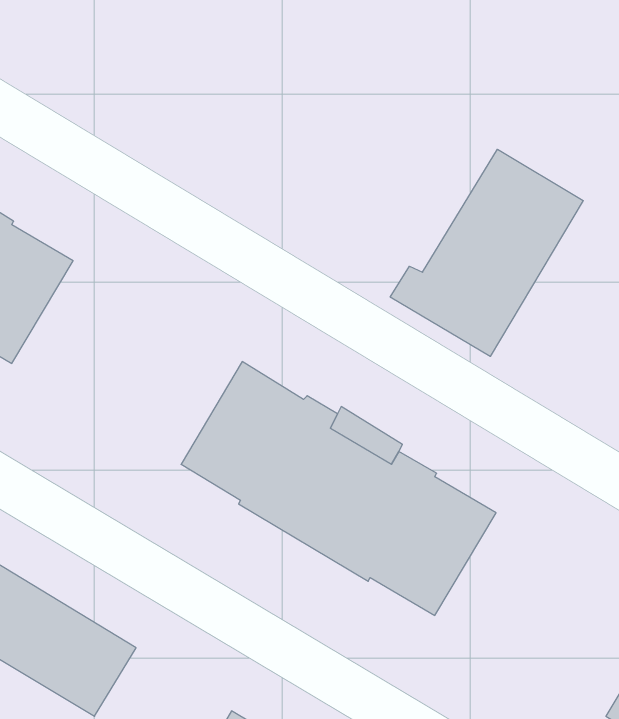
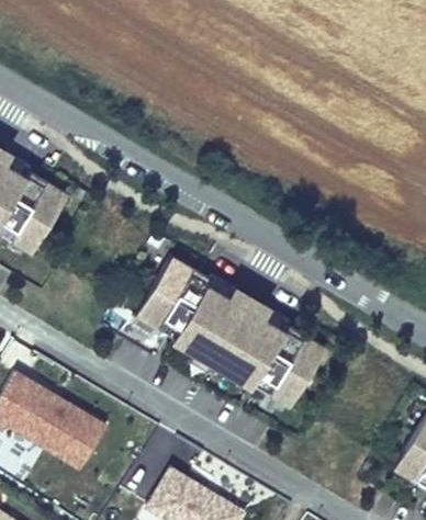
building: [390,149,583,356] -> none

